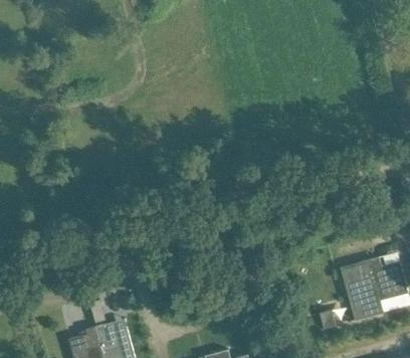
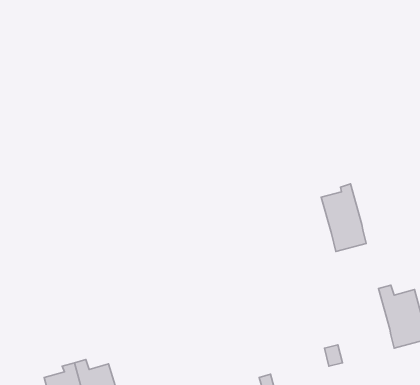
building: [342,260,382,321] -> [321,184,366,251]

